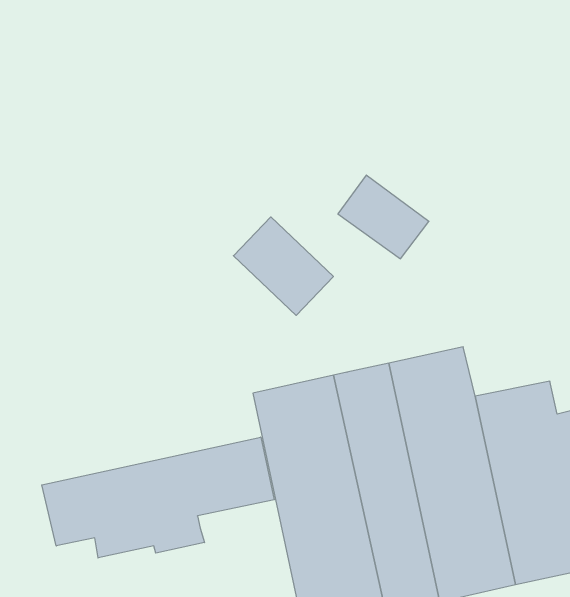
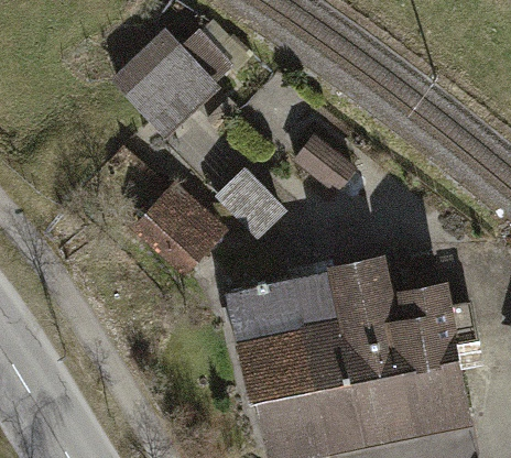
building: none -> [109,26,236,135]
building: none -> [128,183,225,279]
building: [42,437,274,558] -> none

